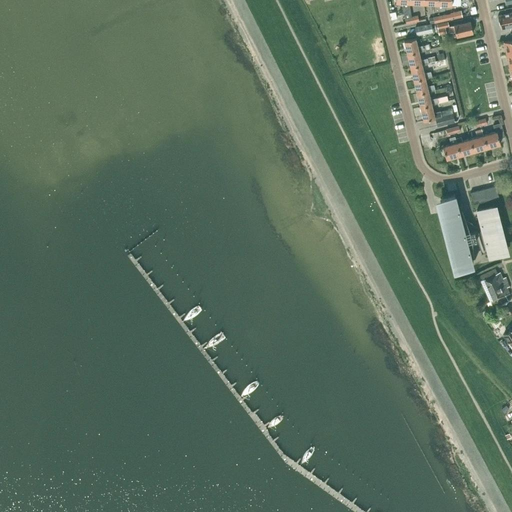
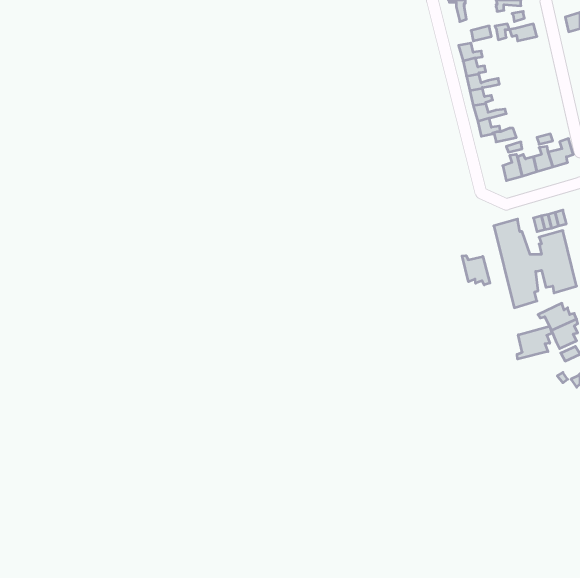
building: none -> [462,256,490,285]
building: none -> [517,326,552,359]

